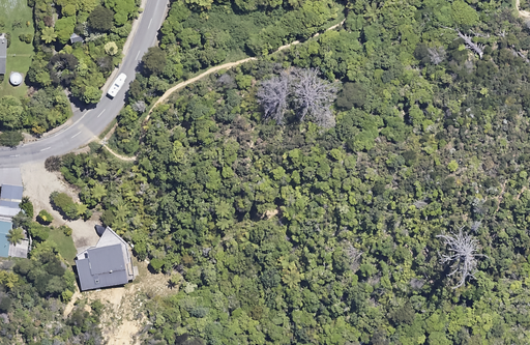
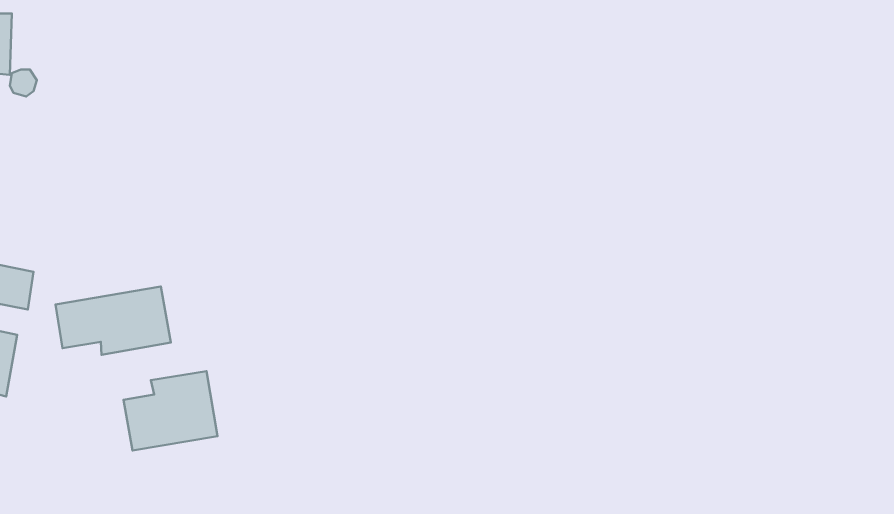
building: none -> [56,287,171,355]

